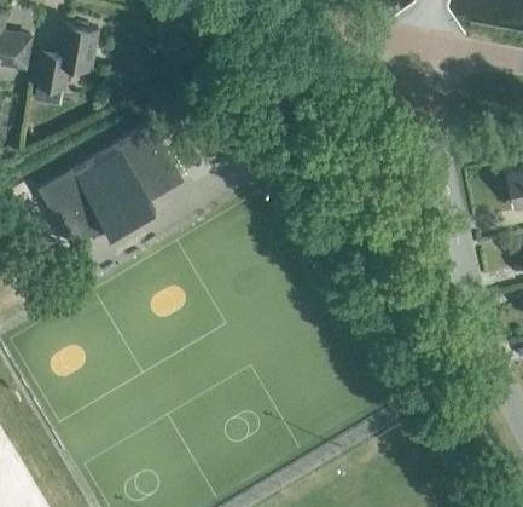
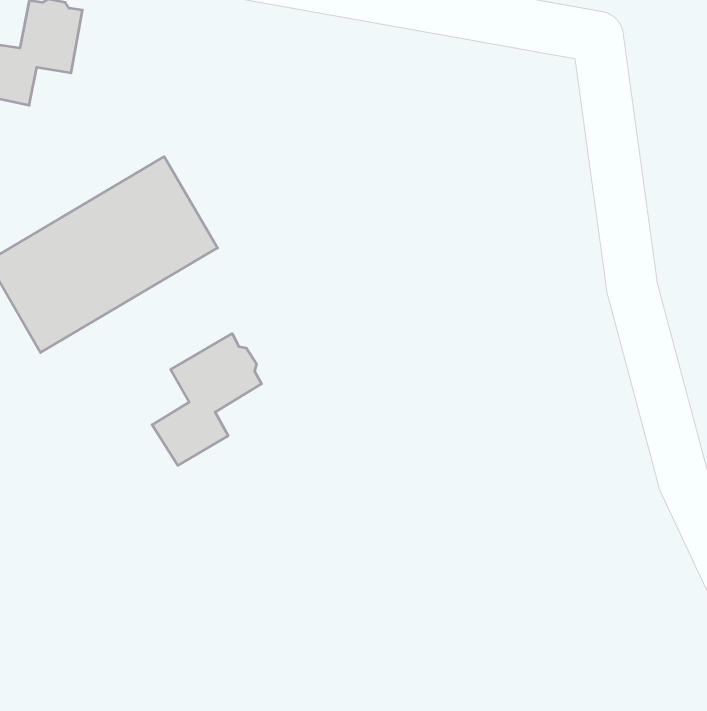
building: none -> [152,334,261,465]

